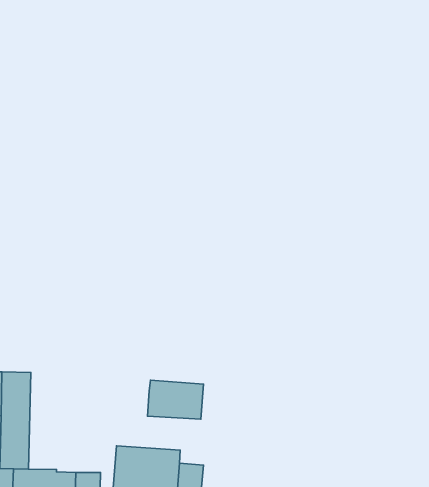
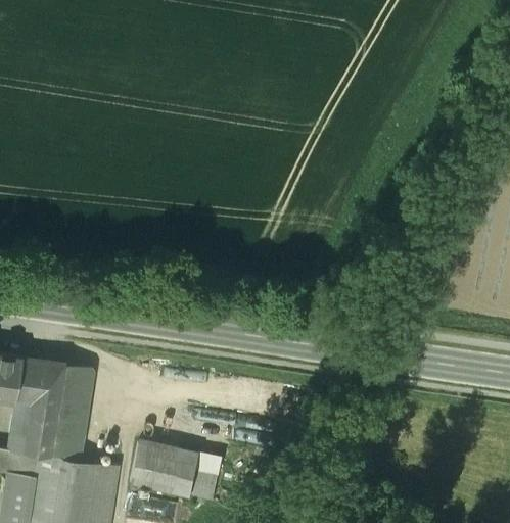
building: none -> [51,363,92,459]
building: [148,380,203,419] -> none

